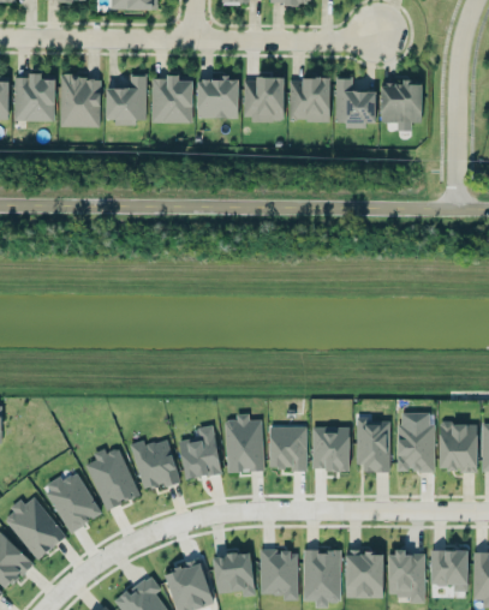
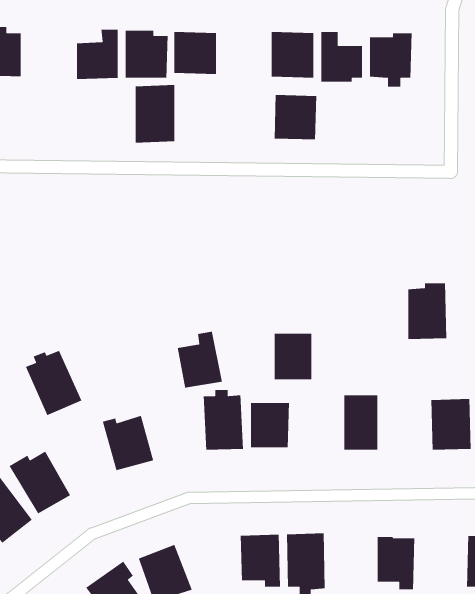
building: [59,77,101,127] -> none
building: [243,78,284,121] -> [274,94,317,140]
building: none -> [135,84,175,143]
building: [396,418,434,472] -> [408,282,447,340]
building: [178,425,221,479] -> [177,331,223,389]
building: [312,426,348,471] -> [274,333,312,380]
building: [85,448,139,510] -> [25,350,82,416]
building: [430,550,467,592] -> none
building: [345,551,383,598] -> none
building: [211,552,255,597] -> none

